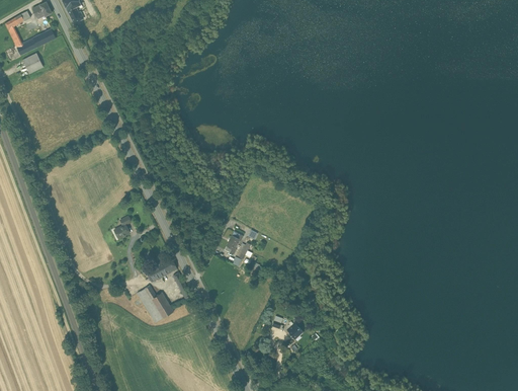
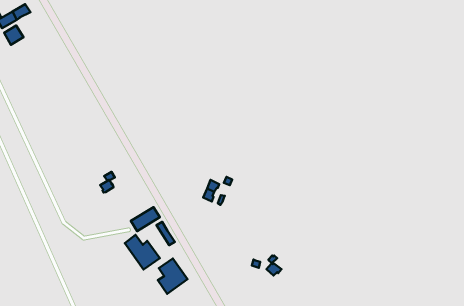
building: none -> [158,258,188,294]

